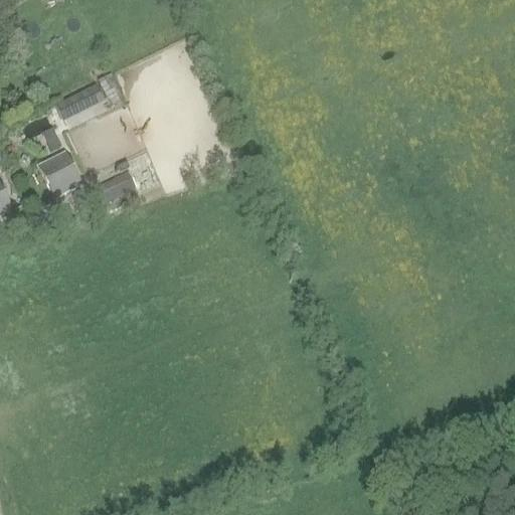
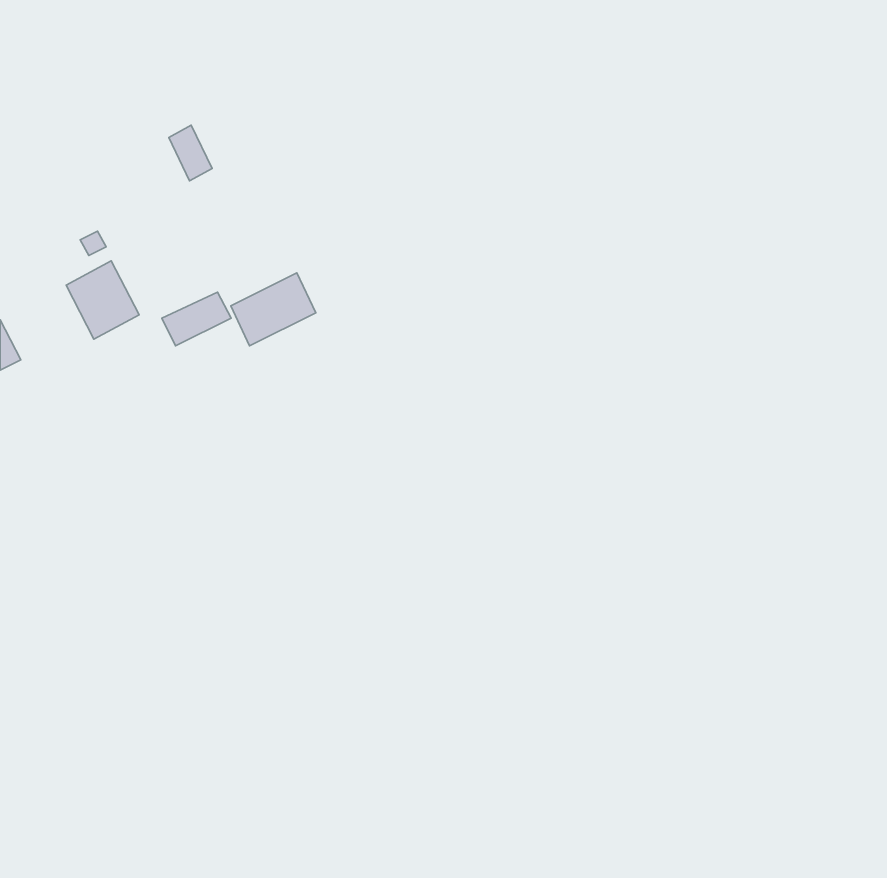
building: [55,83,104,119] -> none
building: none -> [231,273,316,346]

